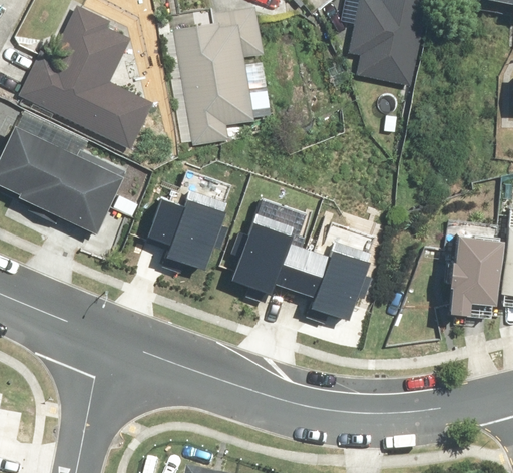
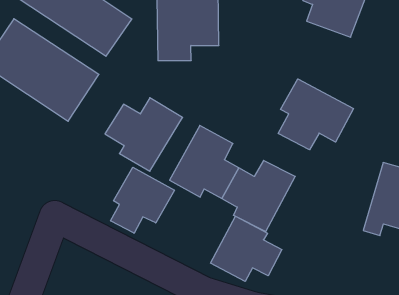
building: none -> [278,79,353,150]
building: none -> [111,167,174,233]
building: none -> [211,216,282,281]

